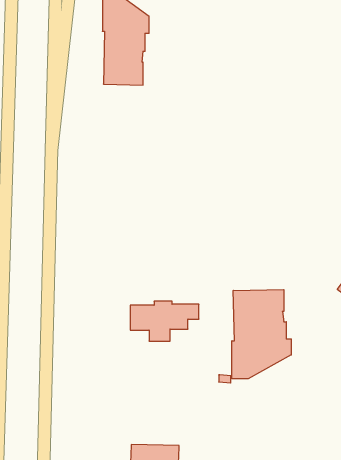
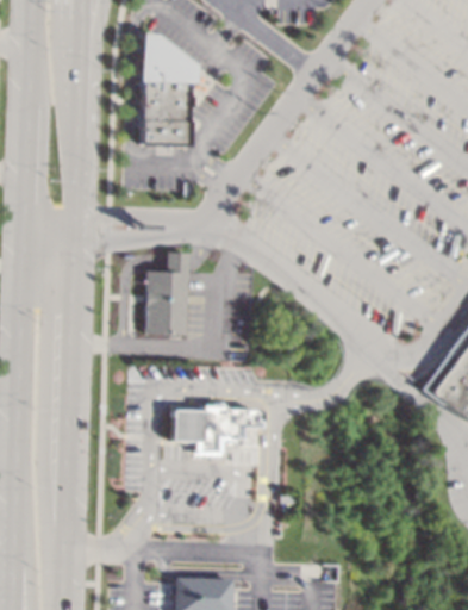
building: none -> [146,251,188,332]
building: [232,290,291,379] -> none

